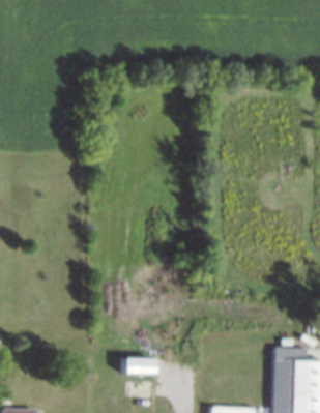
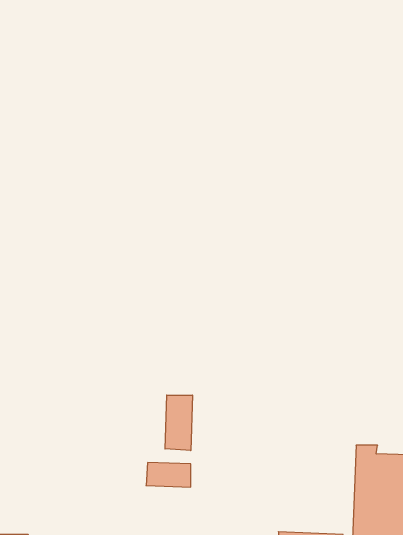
building: none -> [165,395,192,451]

